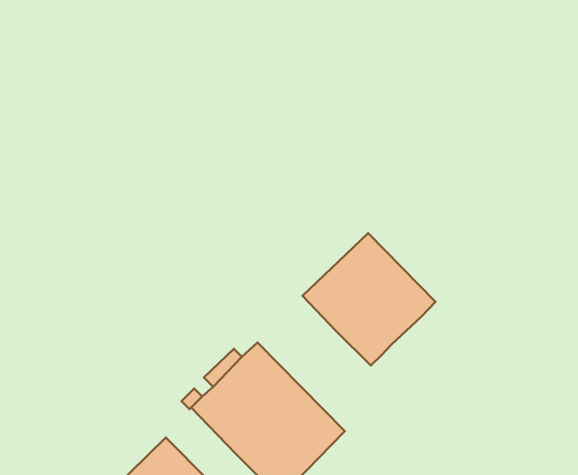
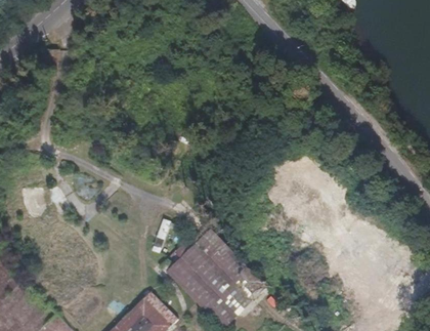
building: [302,233,435,366] -> none

